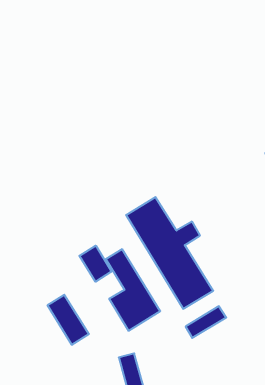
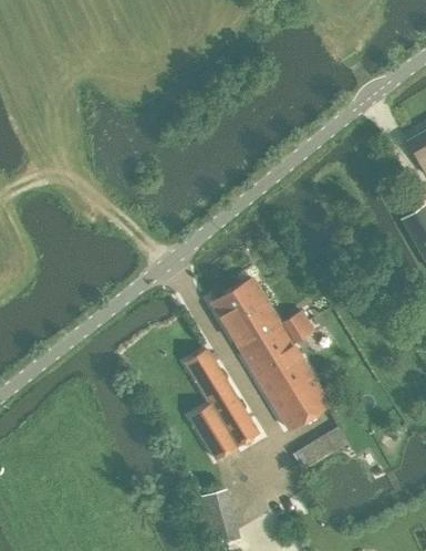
building: [79,246,112,282] -> none
building: [48,295,89,345] -> none

